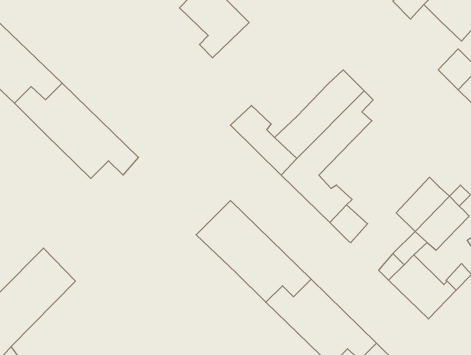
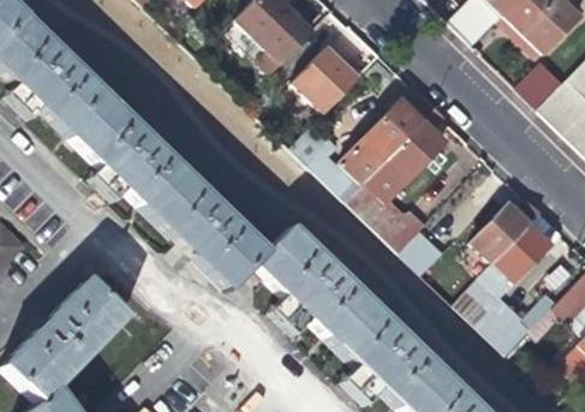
building: none -> [297,42,370,111]
building: none -> [145,177,271,286]

